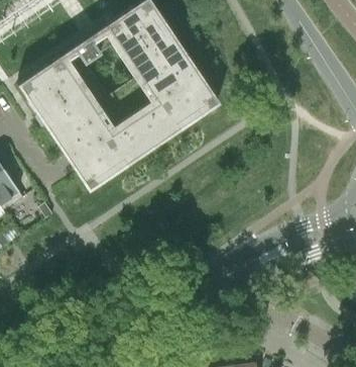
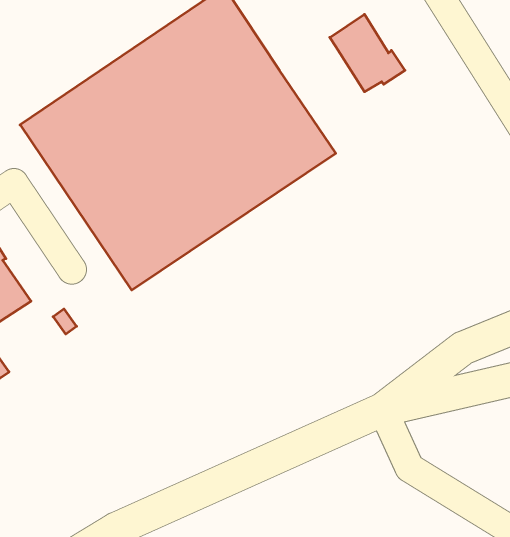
building: none -> [330,14,405,92]

